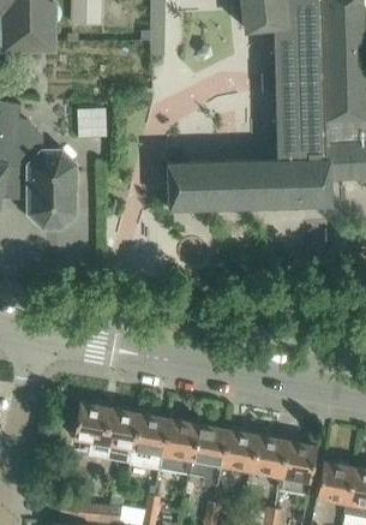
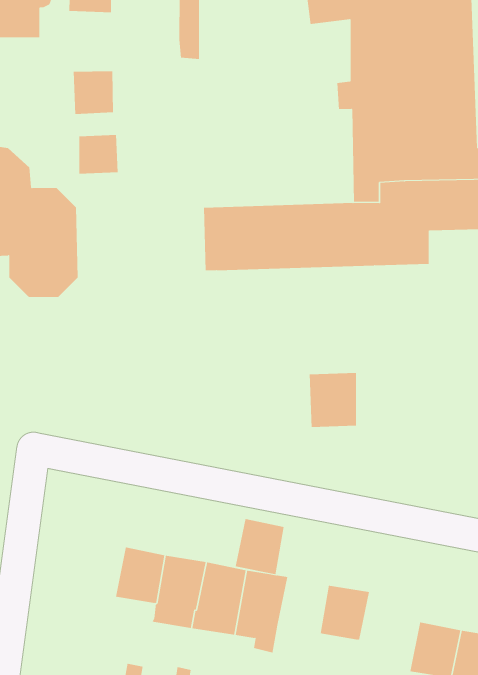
building: none -> [73,71,114,115]
building: none -> [309,372,357,428]
building: [73,402,110,443] -> none
building: [221,429,257,470] -> [235,518,285,575]
building: [276,440,317,494] -> none

